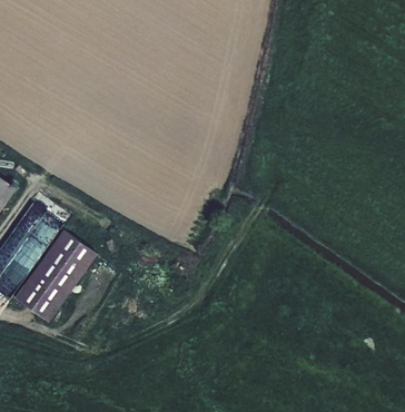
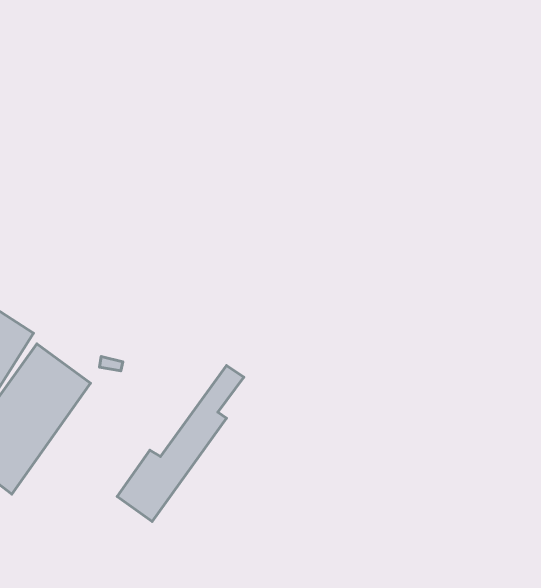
building: none -> [117,366,244,521]

